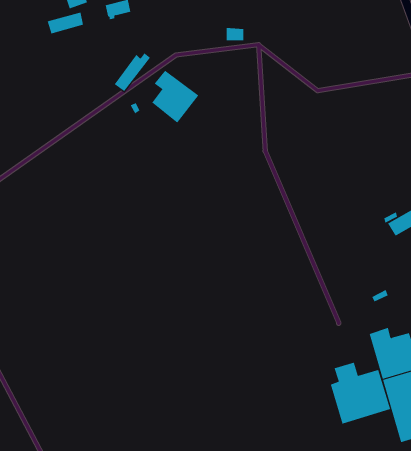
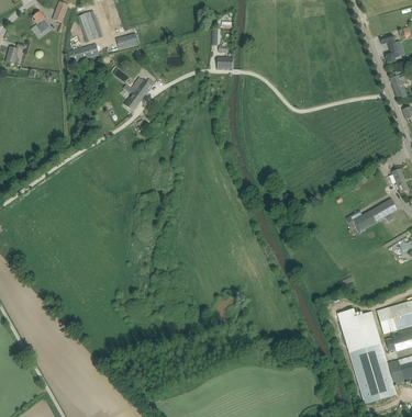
building: [152,70,199,124] -> none
building: [330,362,391,424] -> none

